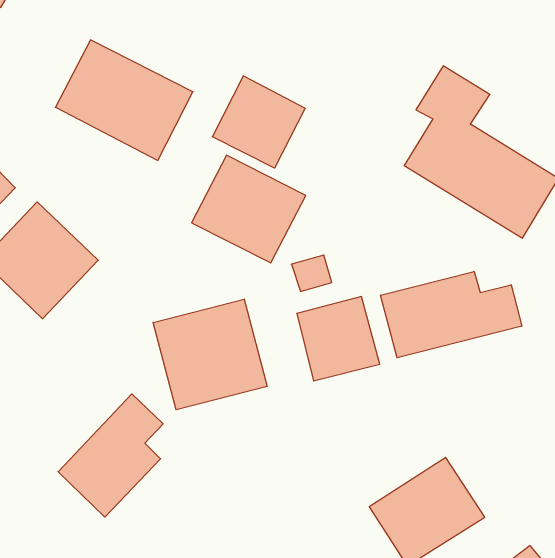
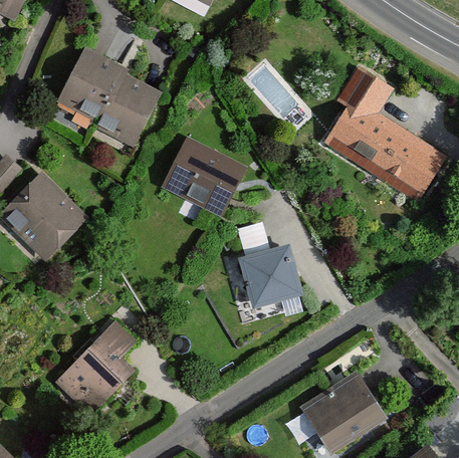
building: [212,76,305,168] -> none
building: [380,271,522,358] -> none
building: [153,299,267,410] -> none

